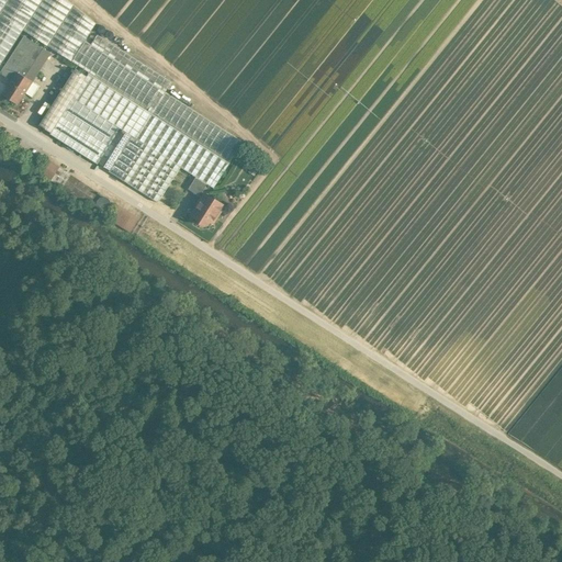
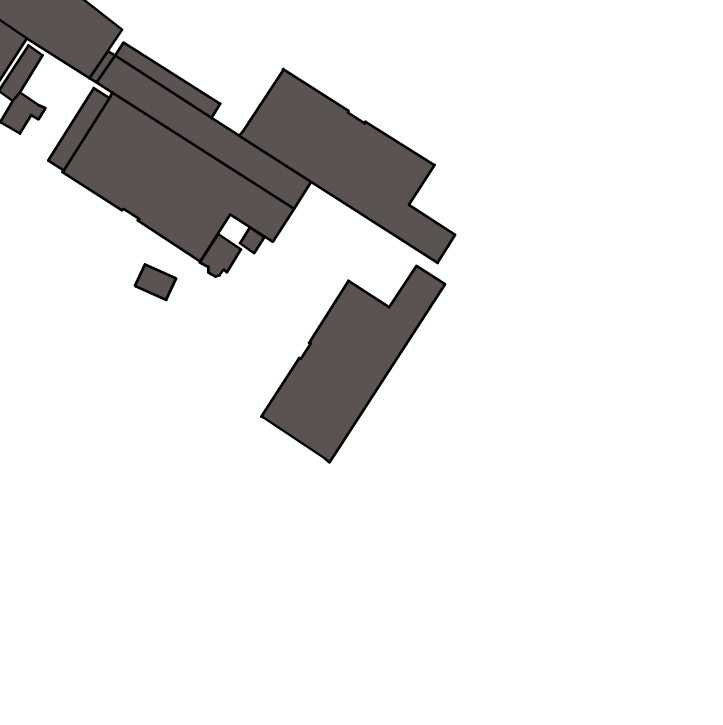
building: [15,43,48,81] -> none
building: none -> [239,69,455,263]
building: [189,192,221,225] -> [200,234,241,277]
building: none -> [261,266,445,462]

